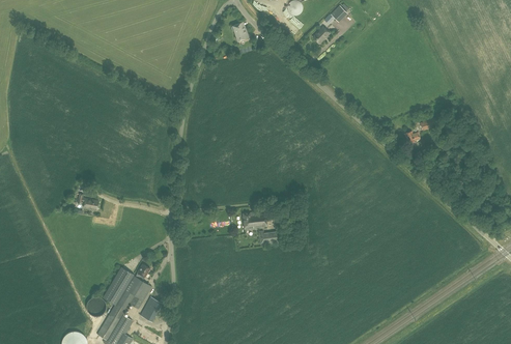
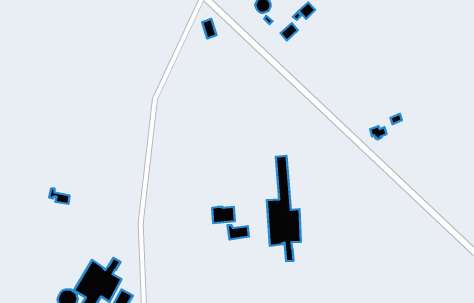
building: none -> [267,156,301,261]

